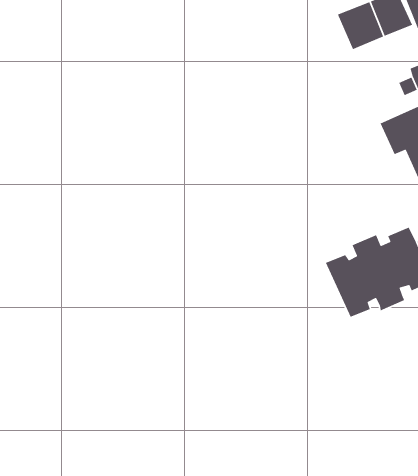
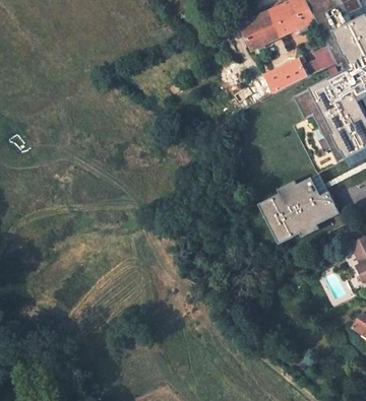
building: none -> [241,15,270,50]
building: none -> [266,57,308,92]

